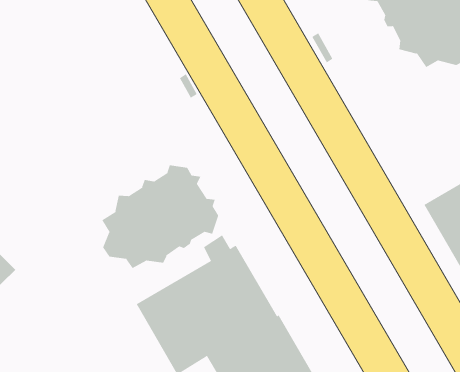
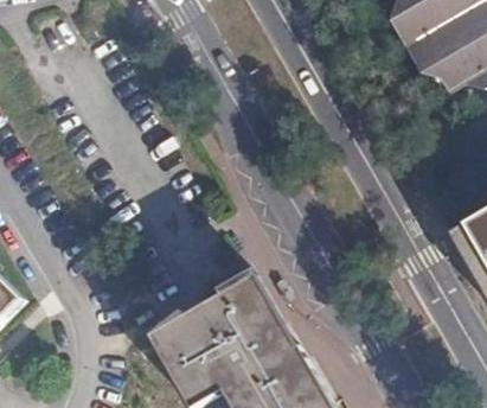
building: [102,165,219,269] -> none

